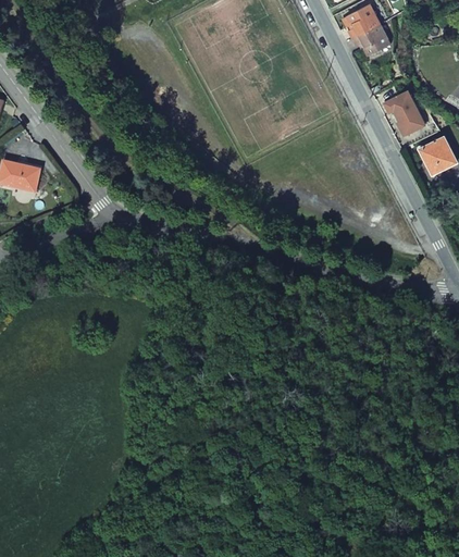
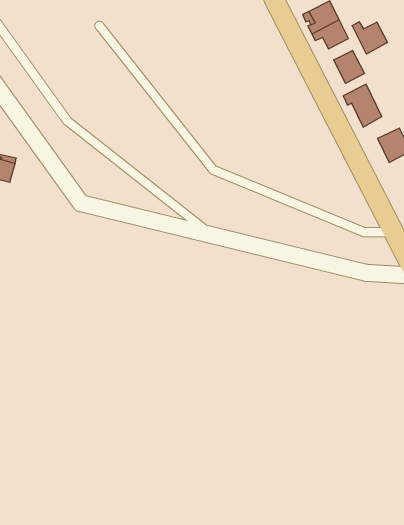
building: none -> [352,22,387,54]
building: none -> [334,50,365,83]

